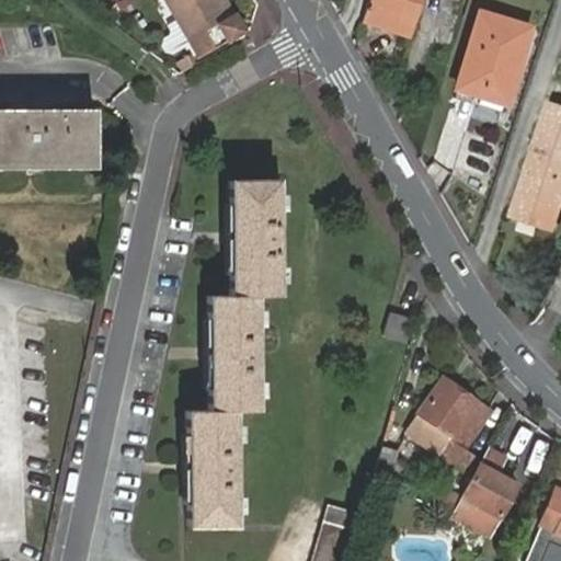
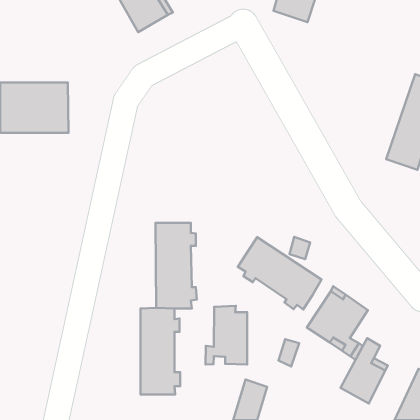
building: [459,8,536,103] -> none
building: [230,181,285,296] -> none
building: none -> [238,237,322,310]
building: none -> [205,306,247,364]

